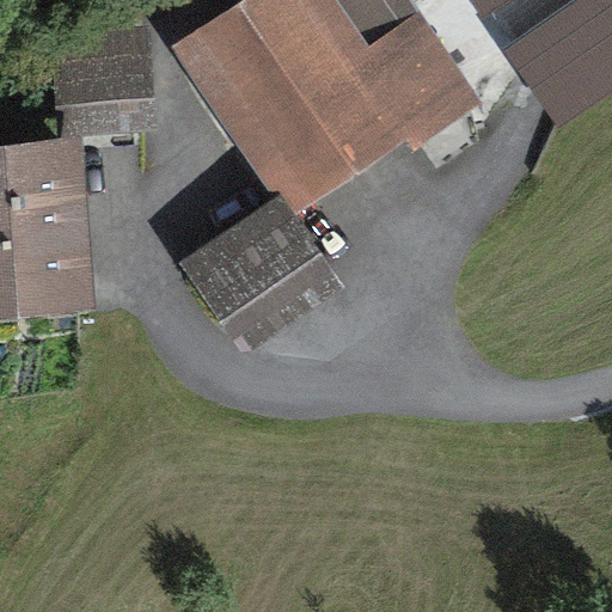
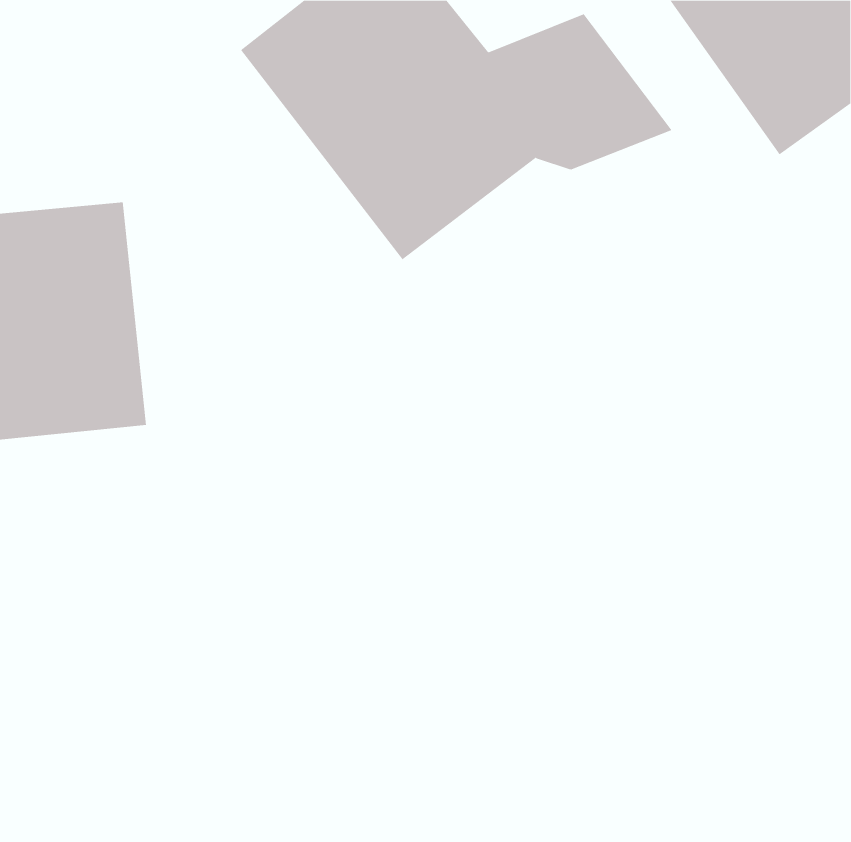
building: [55,39,136,118] -> none
building: [180,200,325,338] -> none

